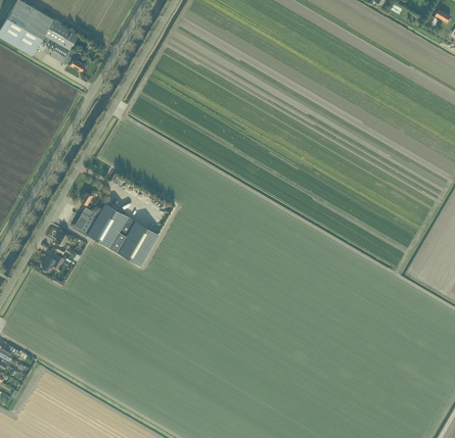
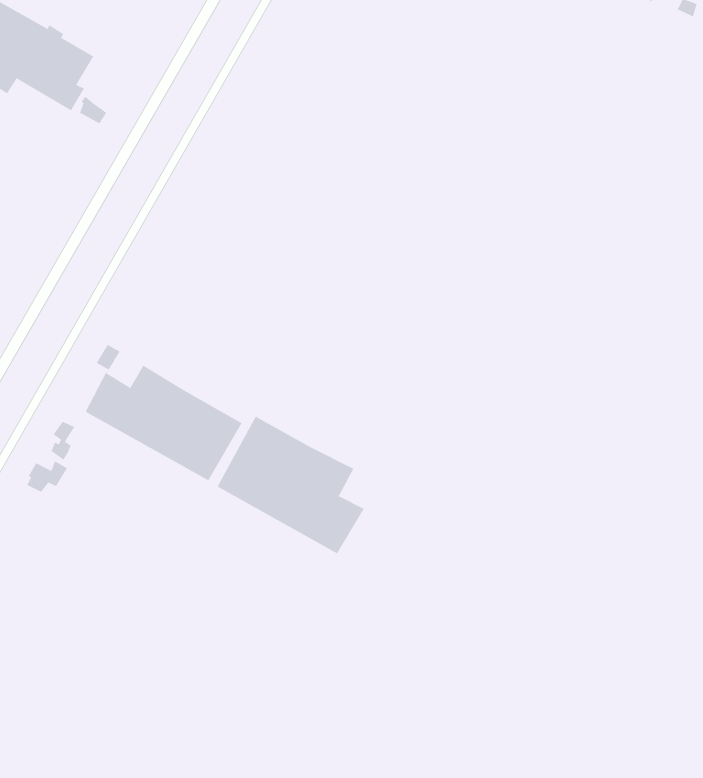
building: none -> [217,416,364,554]

